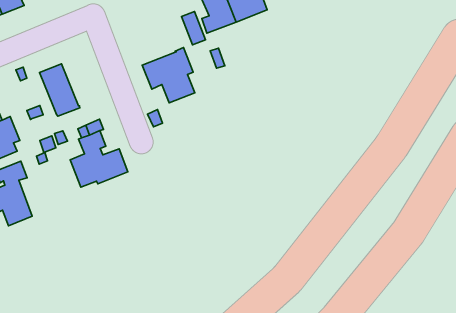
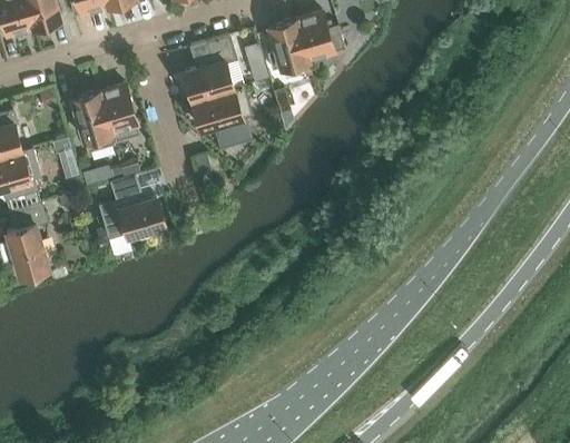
building: none -> [184,35,236,101]
building: none -> [98,83,140,142]

